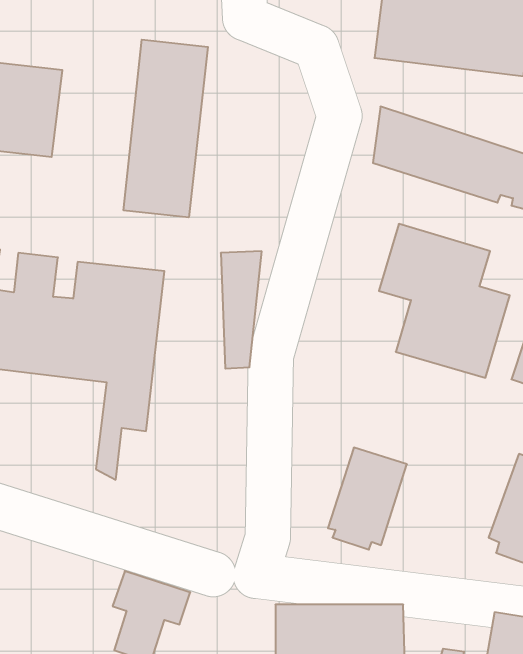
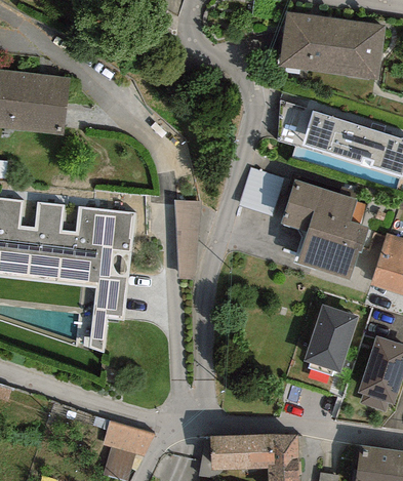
building: [124,40,208,217] -> none
building: none -> [242,161,282,207]
building: [328,448,407,550] -> [304,307,357,375]

